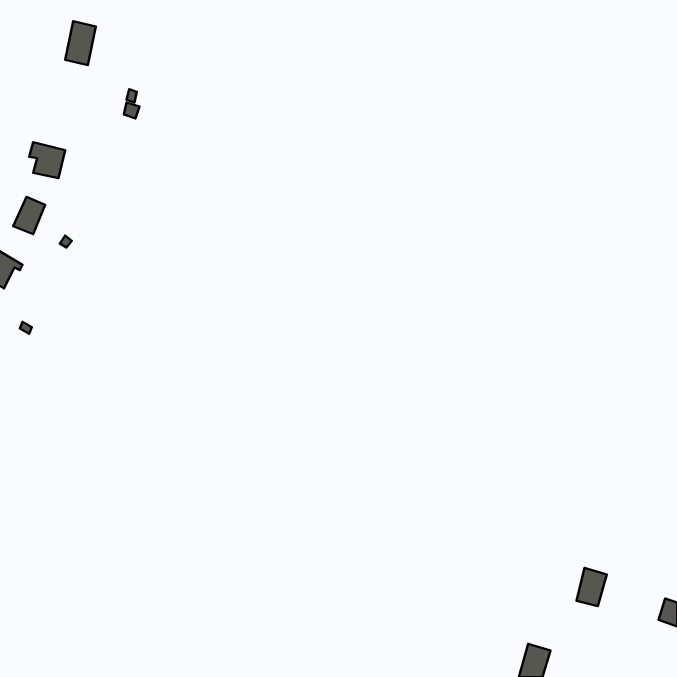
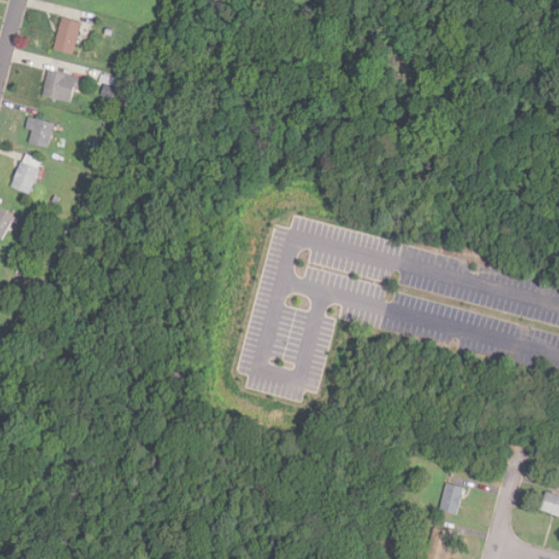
building: none -> [41,70,81,102]
building: [576,568,607,606] -> [439,483,464,514]

